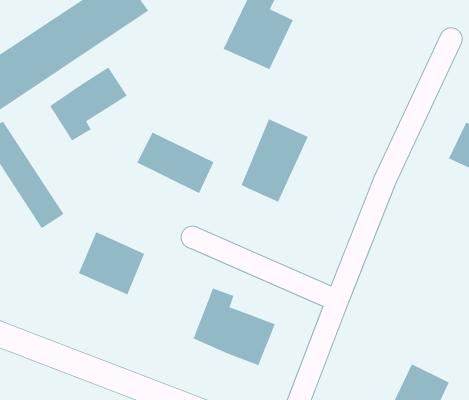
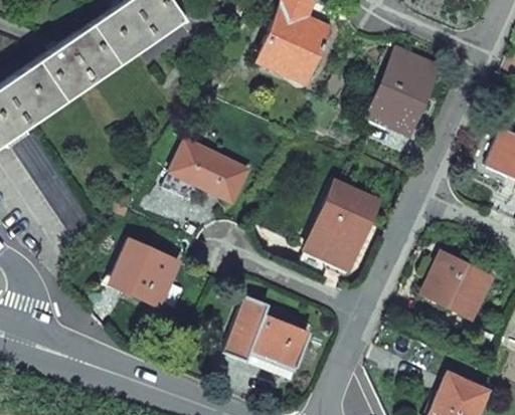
building: none -> [372,50,435,129]
building: [49,67,128,142] -> none
building: [240,118,309,203] -> [306,184,374,268]
building: none -> [420,246,489,313]

